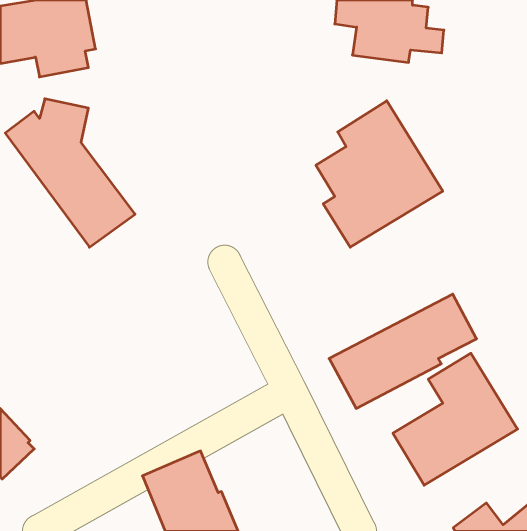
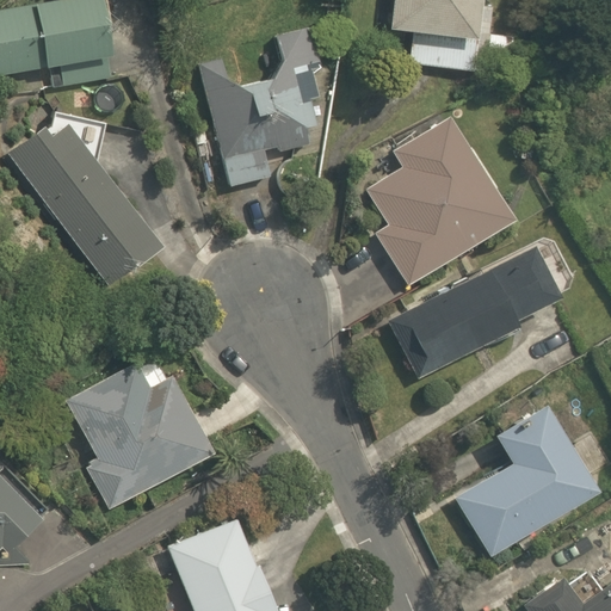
building: none -> [200,27,322,189]
building: [329,294,477,408] -> [390,247,560,378]
building: none -> [68,364,214,510]

